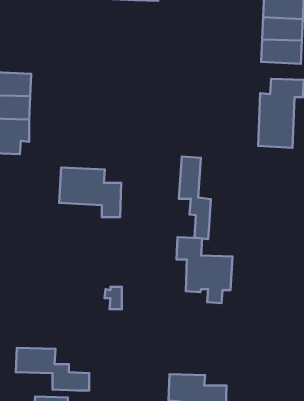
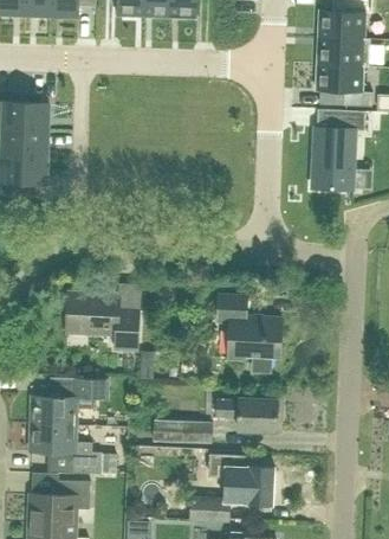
building: [179,157,211,239] -> none
building: [59,167,121,217] -> [65,290,137,348]
building: none -> [31,378,108,424]
building: none -> [215,399,278,431]
building: none -> [151,418,212,442]

